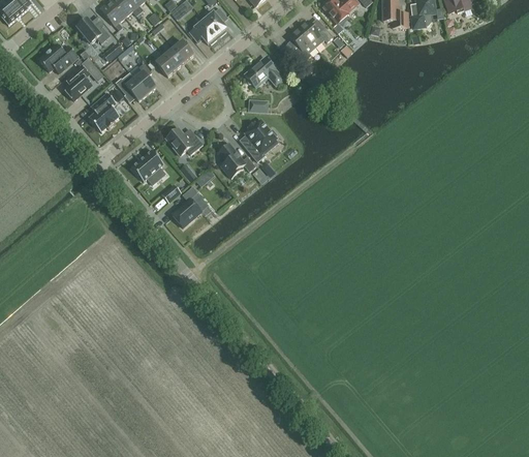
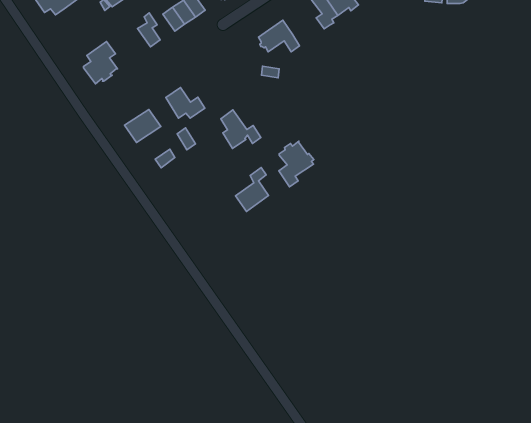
building: [64,65,92,100] -> none
building: [116,72,148,100] -> none
building: [245,119,277,161] -> [279,141,314,187]
building: [172,186,201,227] -> [235,167,269,212]

